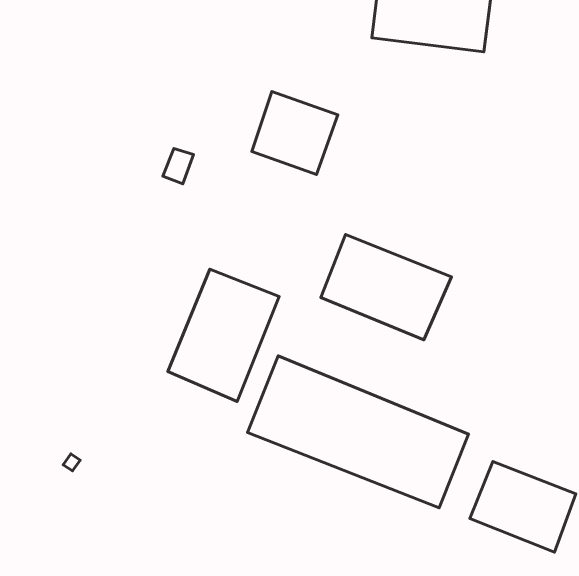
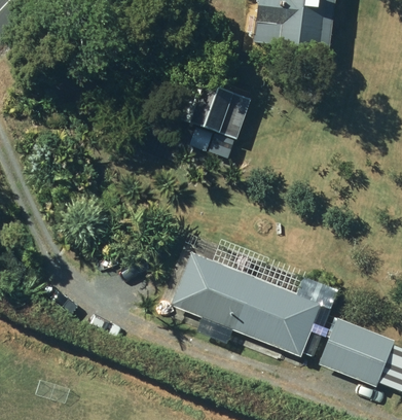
building: [321,235,451,340] -> none
building: [168,269,279,402] -> none

